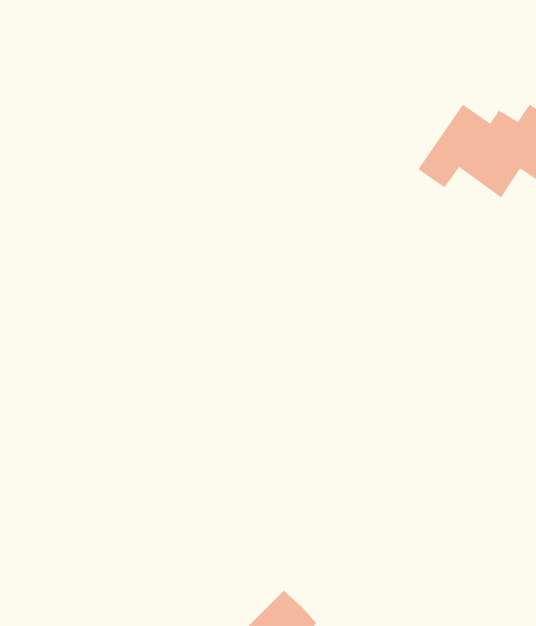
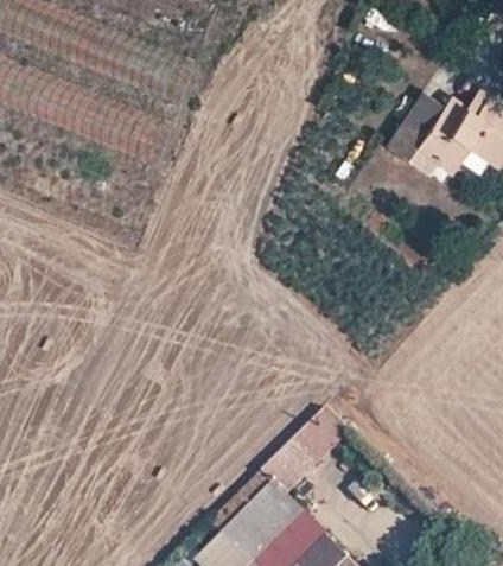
building: none -> [260,409,351,501]

